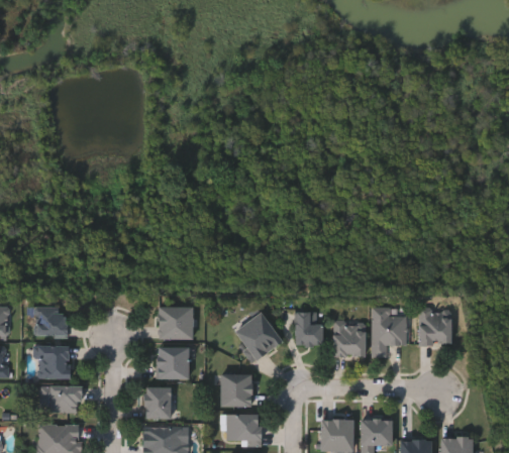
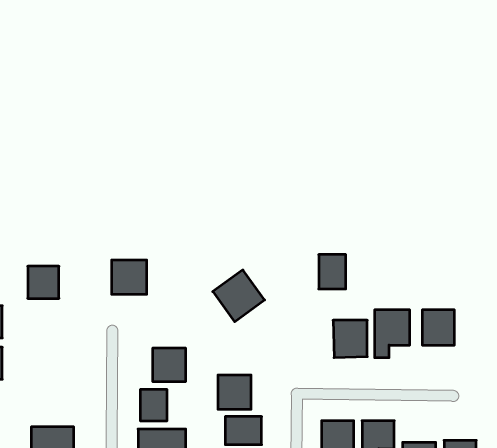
building: [36,307,67,338] -> [28,266,59,298]
building: [158,307,192,340] -> [112,260,147,294]
building: [232,313,283,363] -> [213,270,265,322]
building: [296,313,322,346] -> [319,255,346,289]
building: [38,347,70,378] -> none
building: [39,386,81,414] -> none

